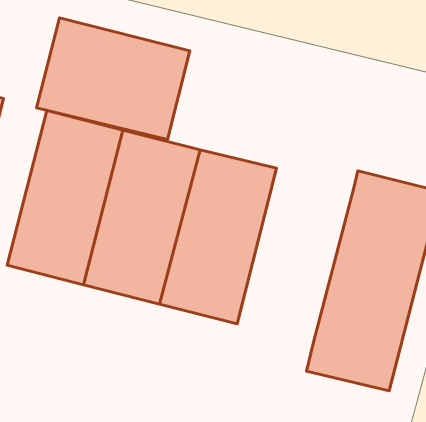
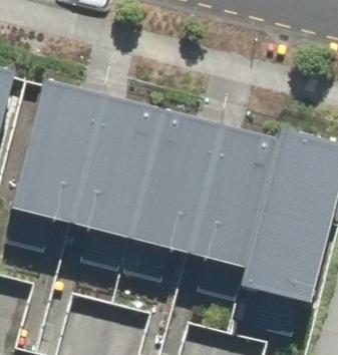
building: [37,18,190,140] -> none
building: none -> [192,129,281,264]

